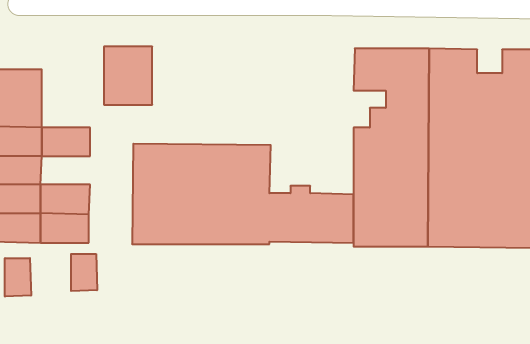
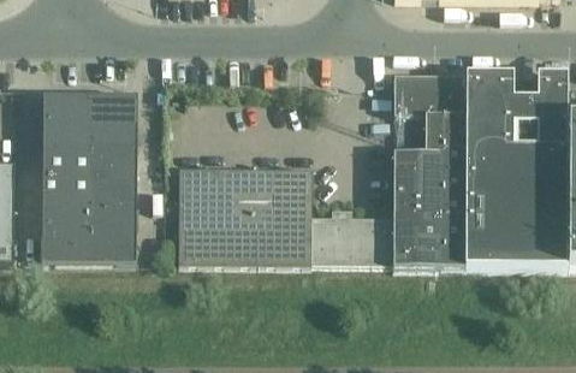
building: [104,47,152,105] -> [90,94,137,150]
building: none -> [89,178,137,206]
building: [71,254,97,291] -> none
building: [5,258,31,297] -> none

